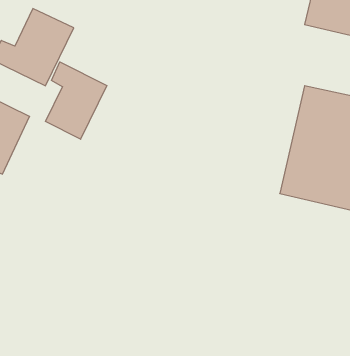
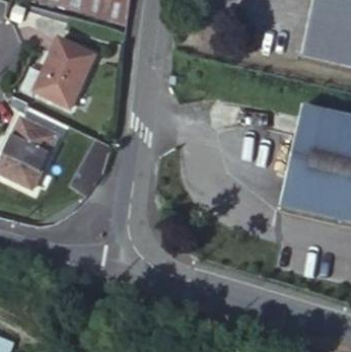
building: [46,62,107,139] -> none

